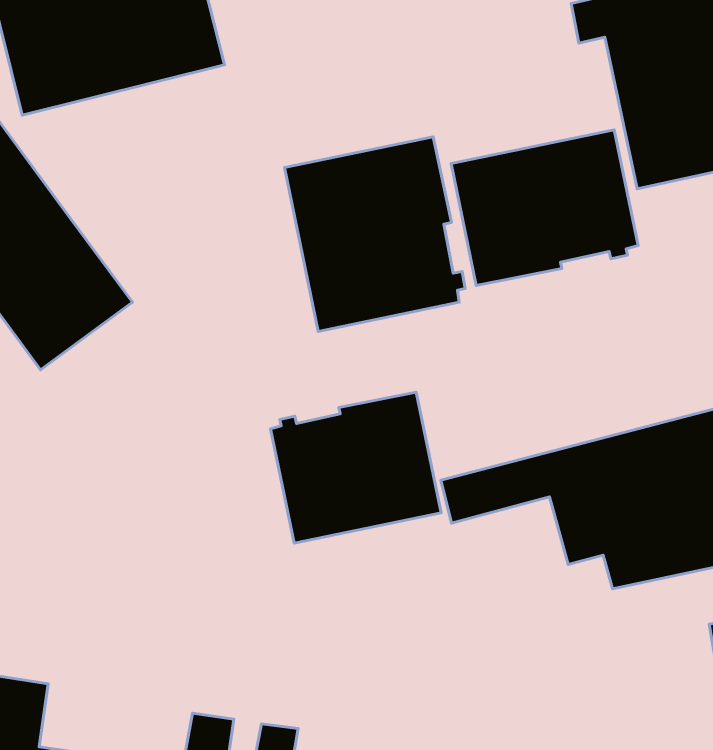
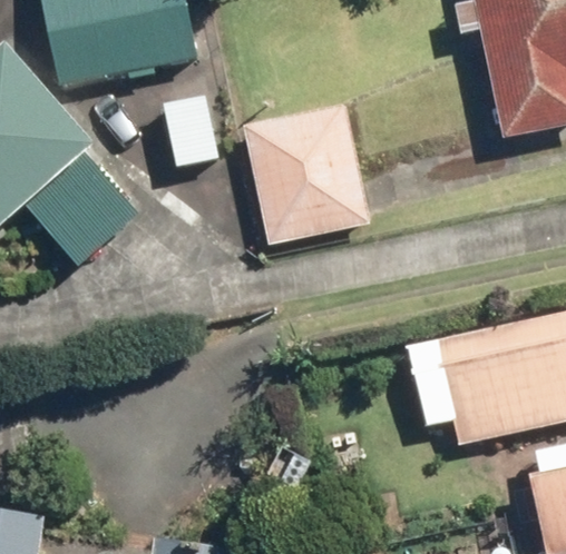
building: [451,130,638,286] -> none
building: [270,392,441,543] -> none

